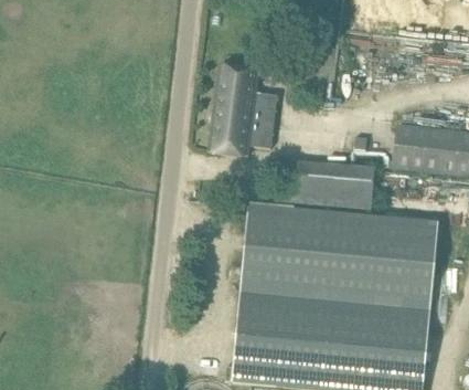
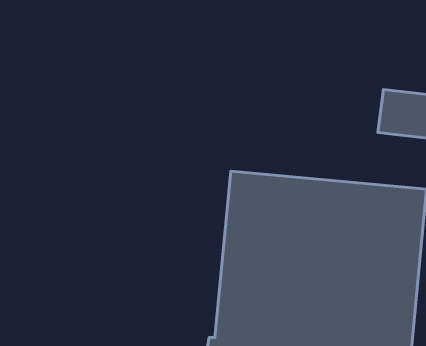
building: [209,65,275,156] -> none
building: [278,159,374,208] -> none

